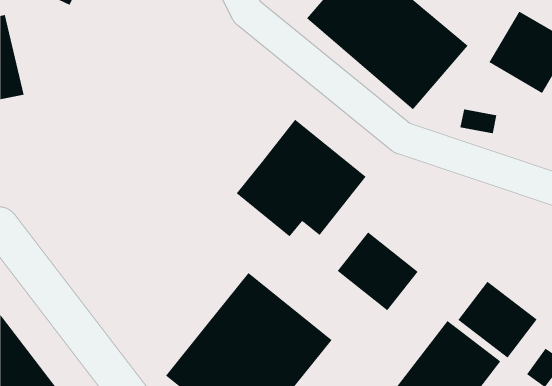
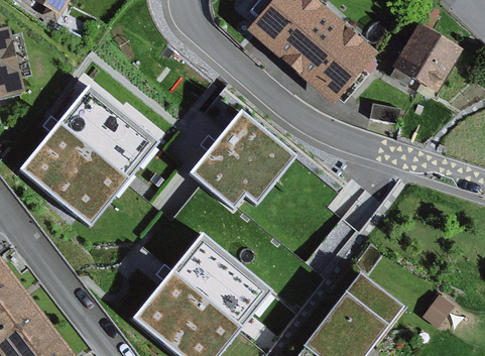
building: none -> [21,87,156,224]
building: [337,231,418,311] -> none
building: [458,281,537,359] -> none

